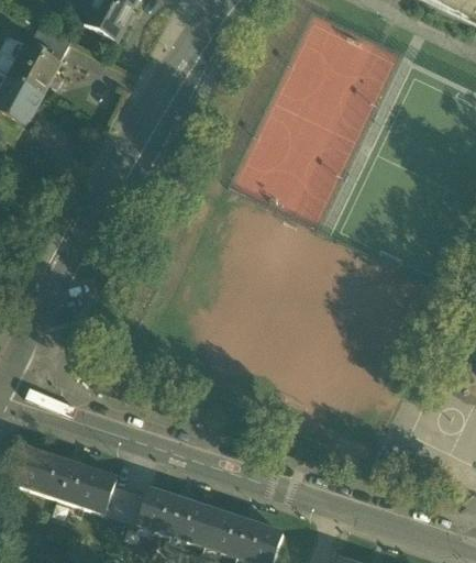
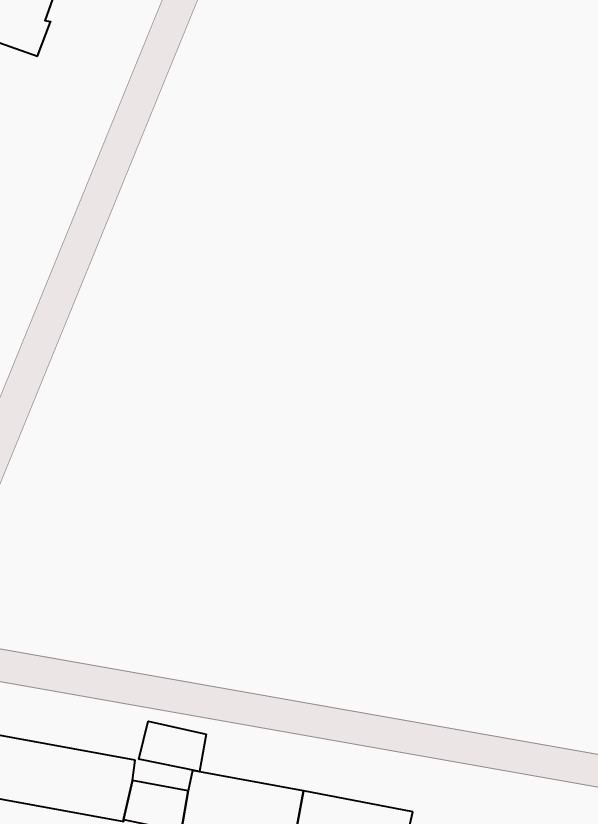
building: none -> [139,721,206,772]

